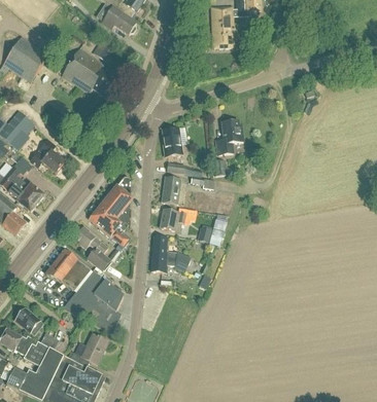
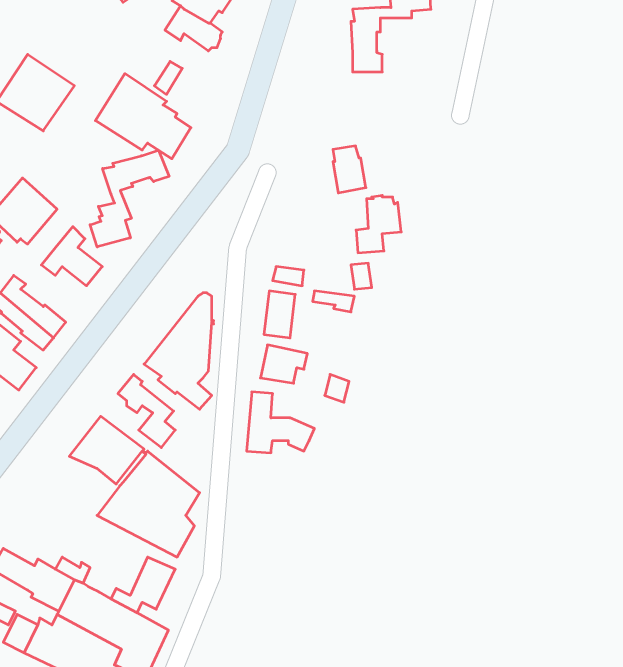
building: none -> [90,150,169,247]
building: [162,126,181,154] -> [333,146,366,193]
building: [14,306,43,333] -> none

